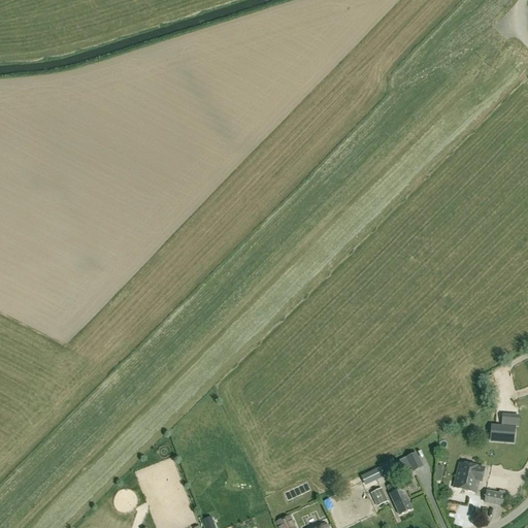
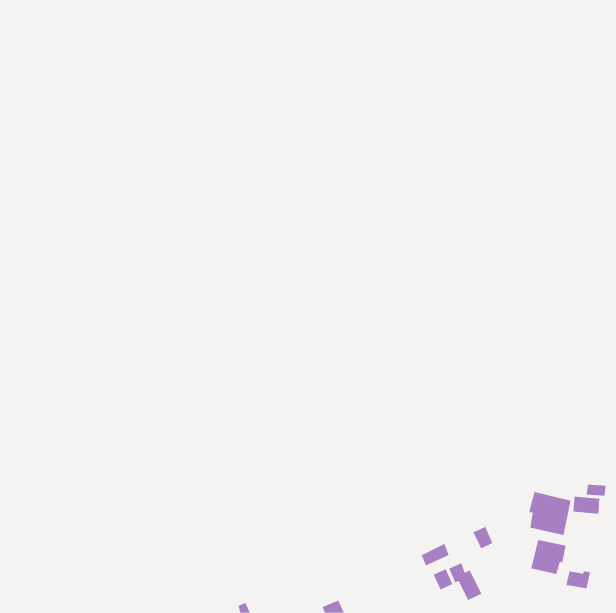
building: none -> [529,491,571,536]

